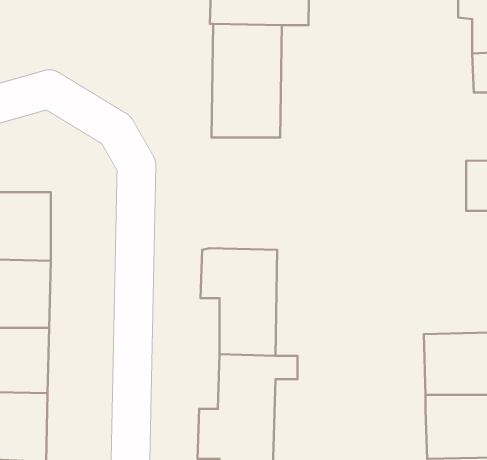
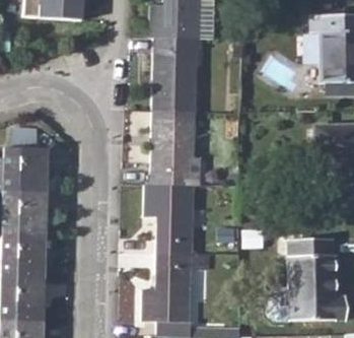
building: none -> [150,112,199,185]

